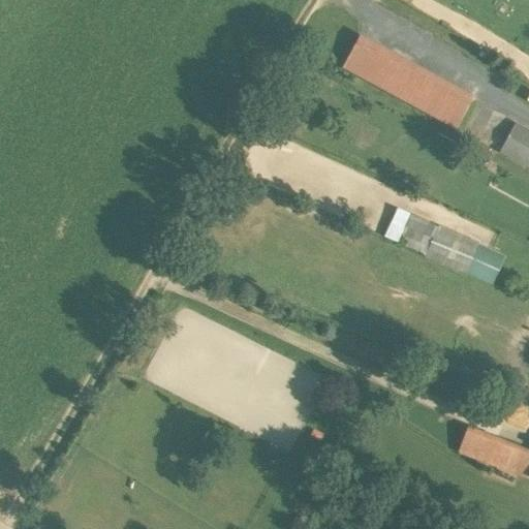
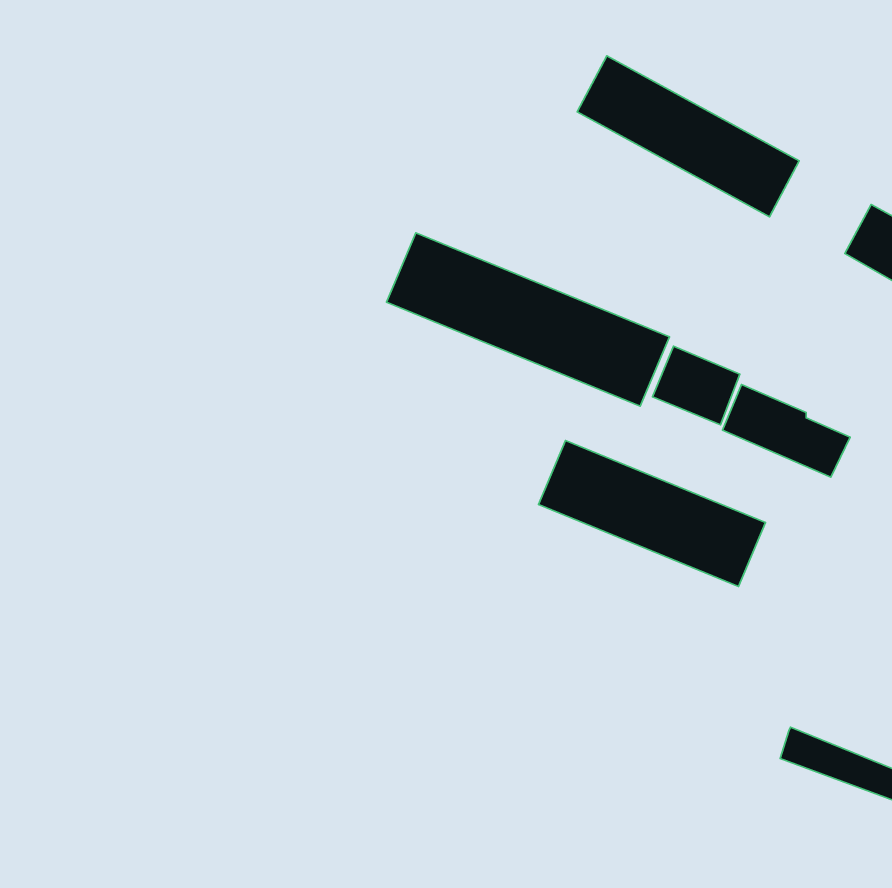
building: none -> [386,233,670,406]
building: none -> [539,441,765,587]

